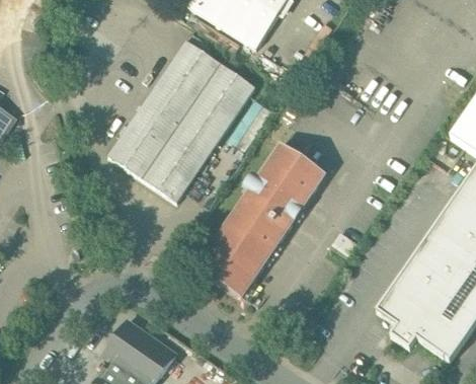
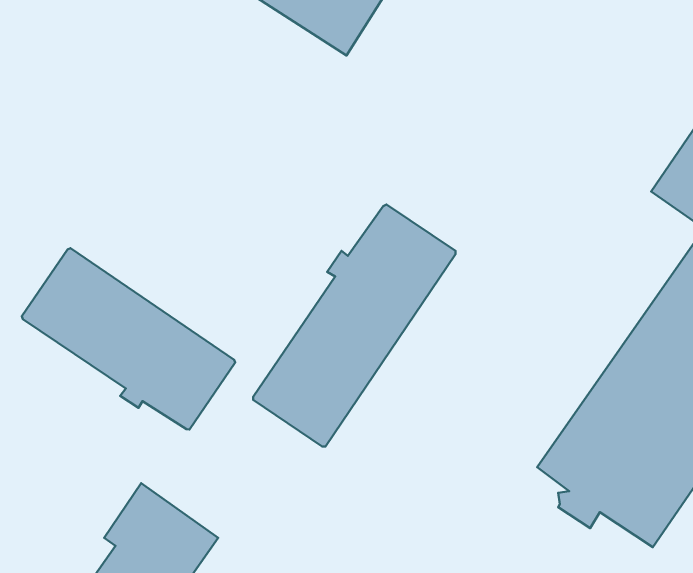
building: [108,41,255,202] -> none
building: none -> [22,248,235,429]

